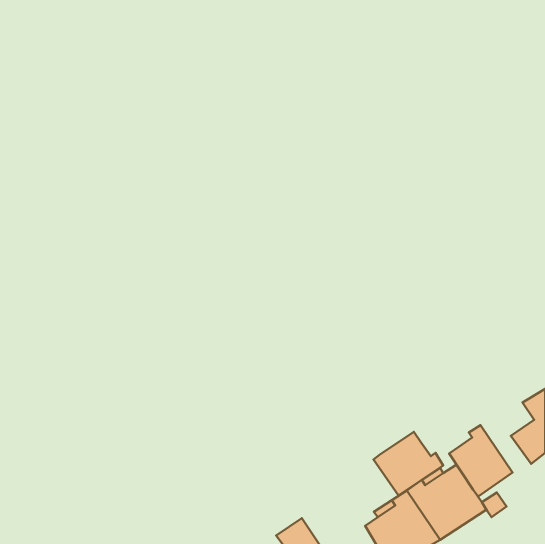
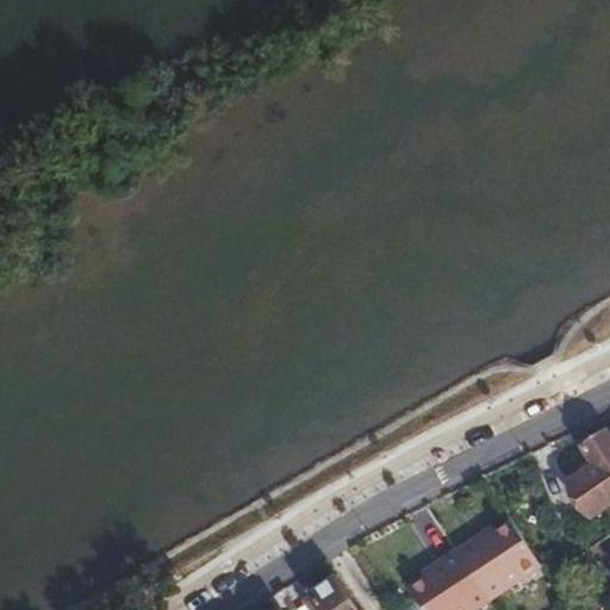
building: [449,425,512,496] -> none
building: [373,432,443,495] -> none

